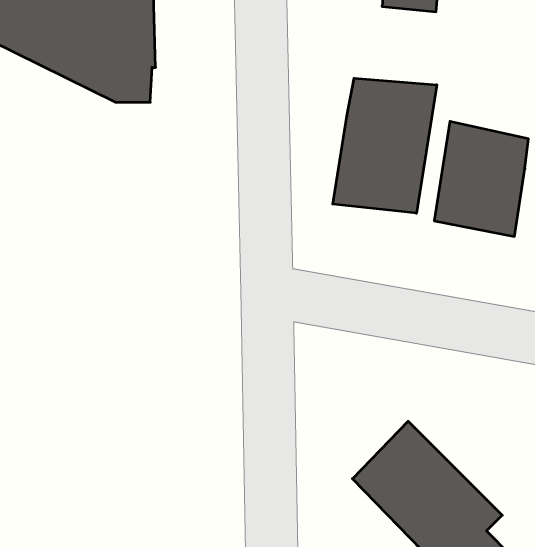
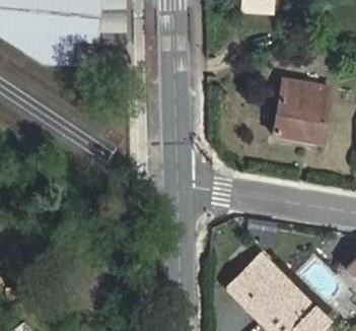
building: [333,78,437,213] -> none

